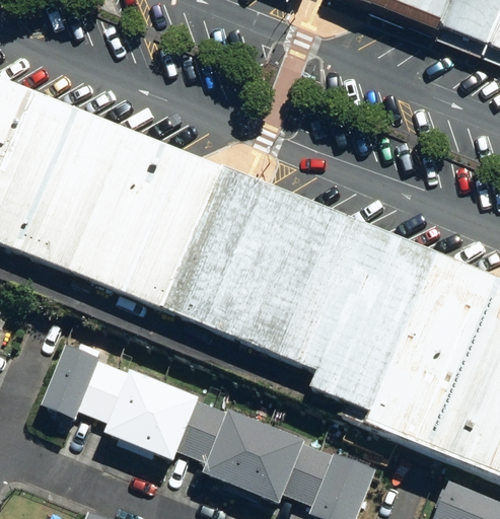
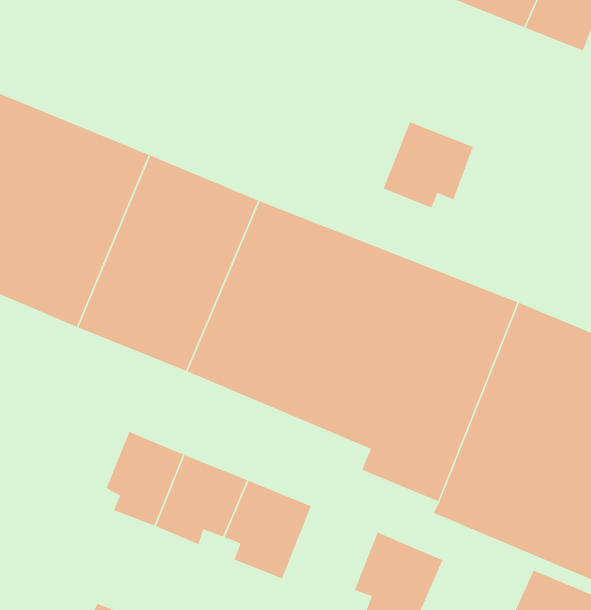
building: none -> [383,121,474,208]
building: [41,340,117,416] -> none
building: [243,423,322,499] -> none

